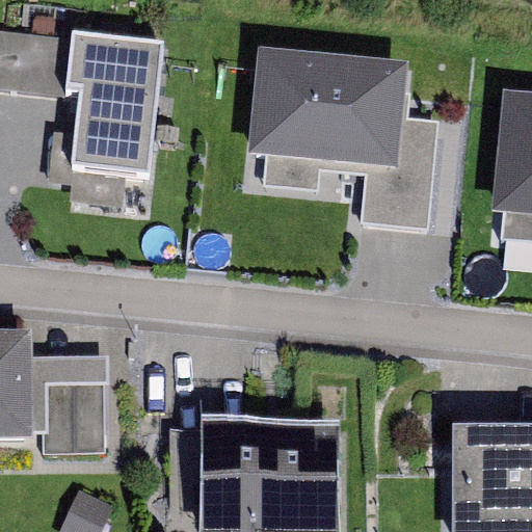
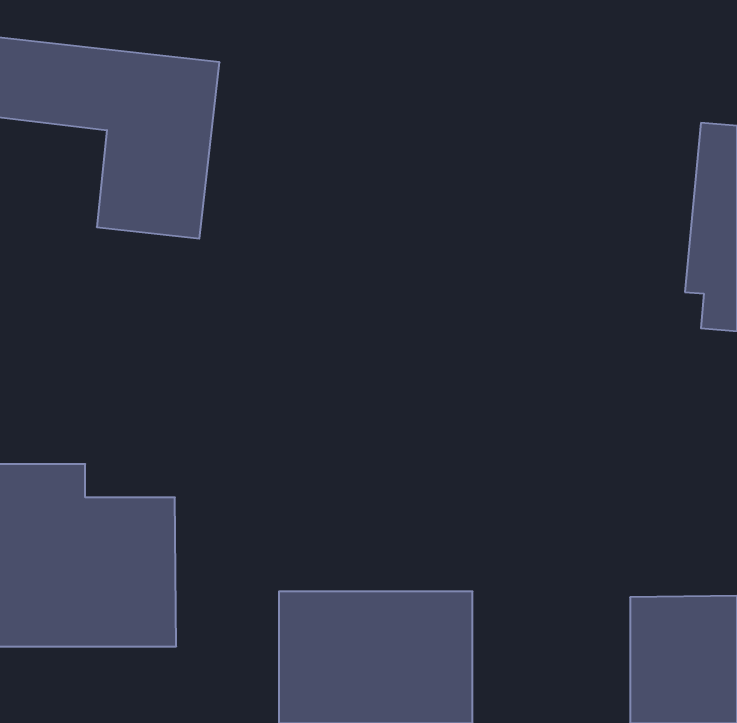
building: [247,47,440,225] -> none

